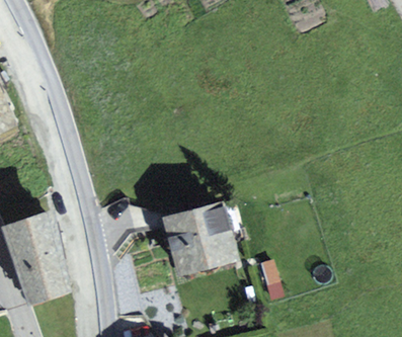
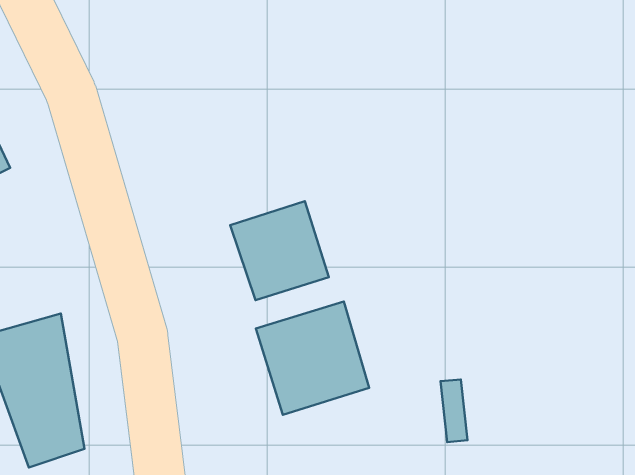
building: none -> [230,201,329,300]

